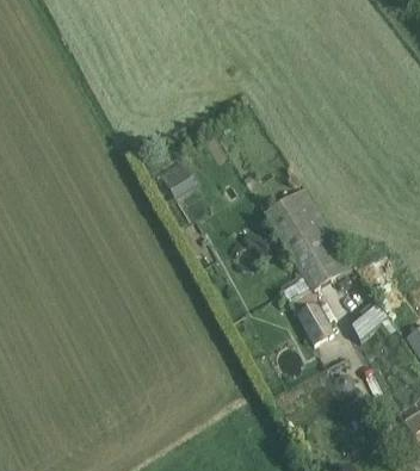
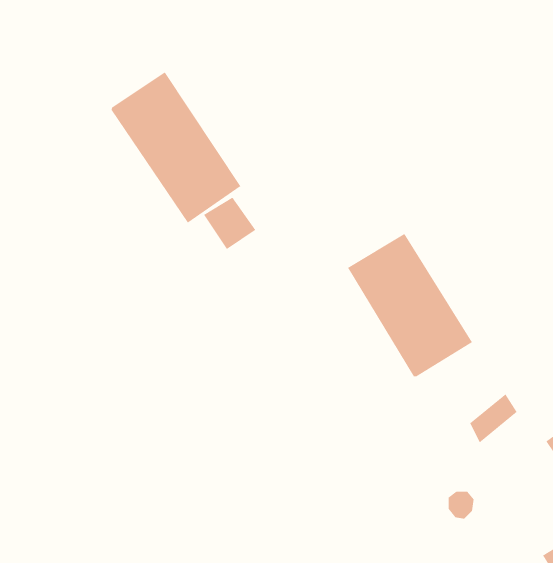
building: none -> [111,72,241,223]
building: [297,302,335,343] -> none

